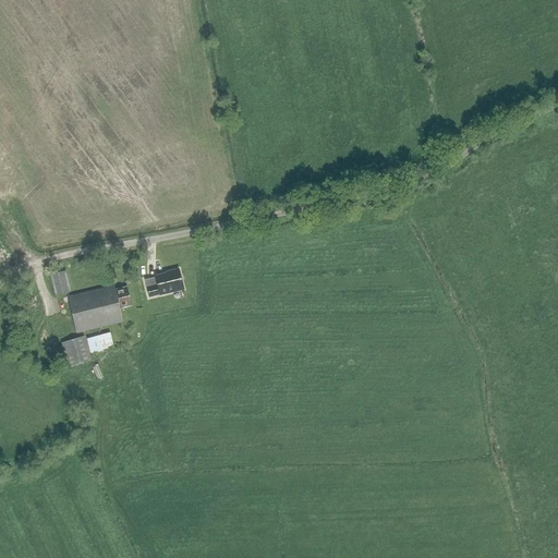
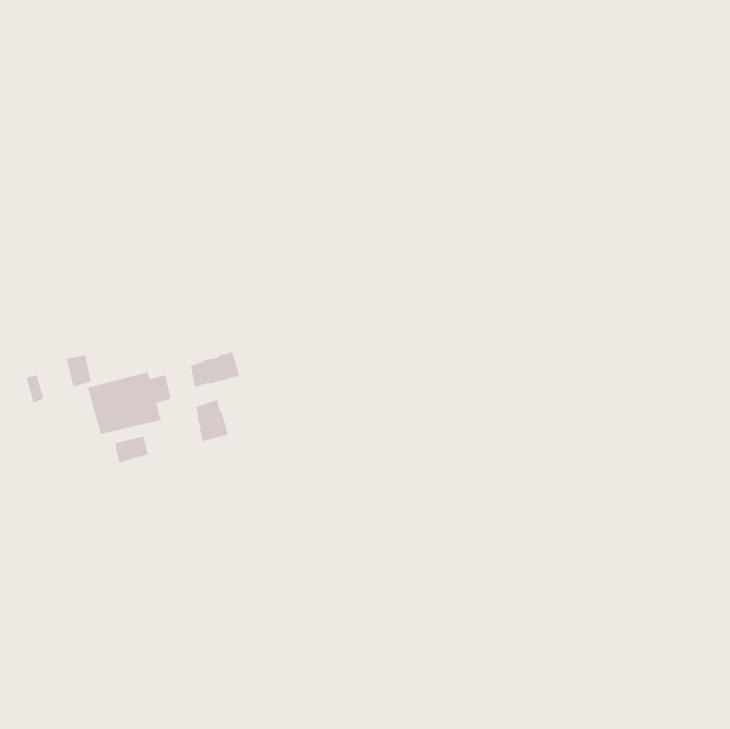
building: none -> [196,399,228,442]
building: [61,336,90,366] -> none

